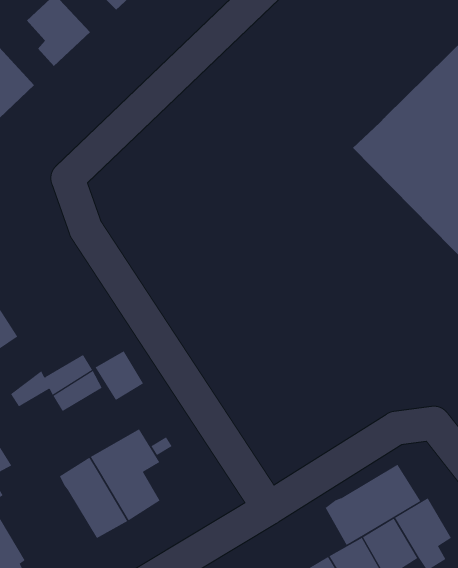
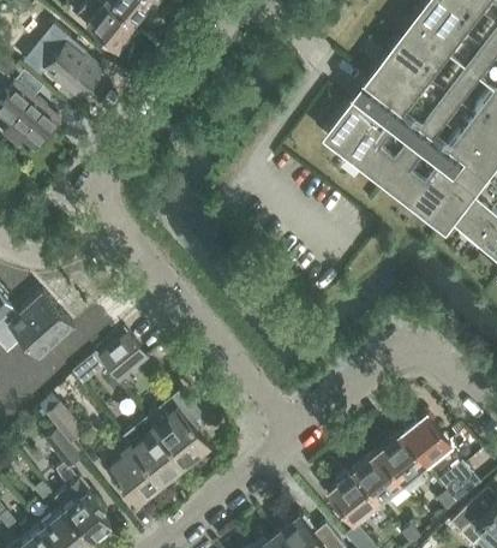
building: [95,351,144,401] -> none
building: [325,464,421,546] -> none
building: none -> [107,445,160,505]

